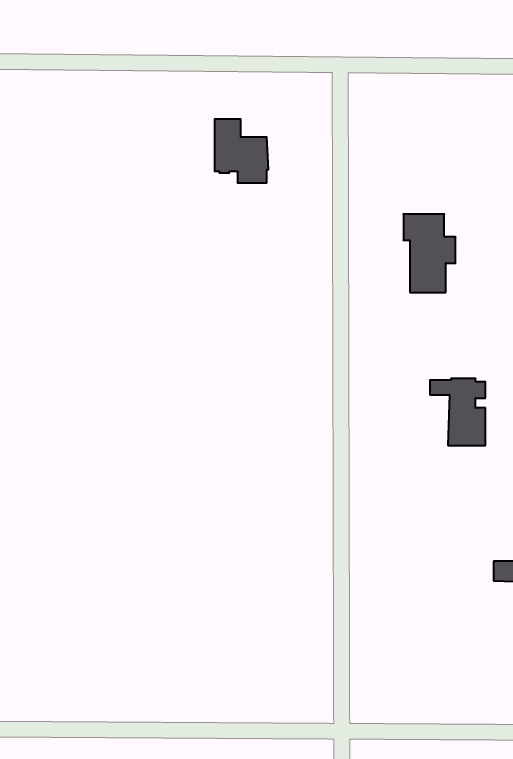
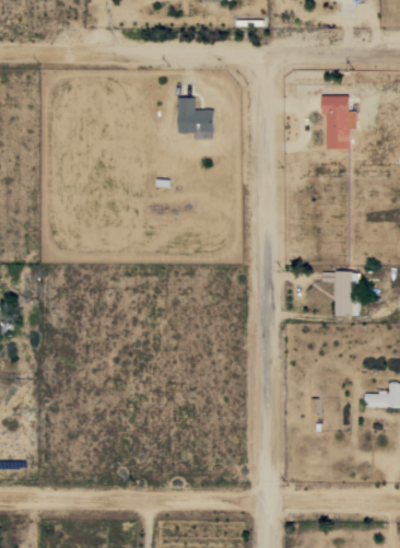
building: [403,214,456,292] -> [321,96,356,149]

